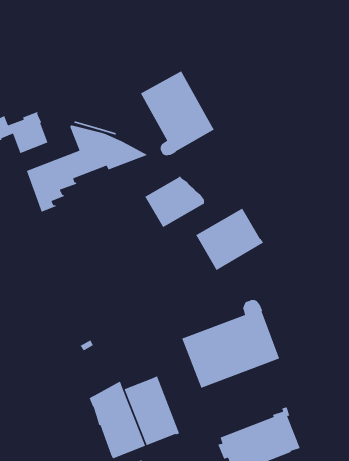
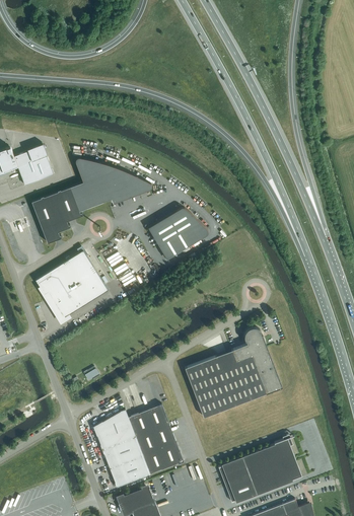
building: [140,70,215,156] -> none
building: [195,207,264,271] -> none
building: none -> [36,251,109,319]

